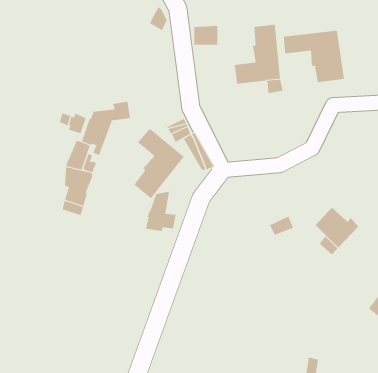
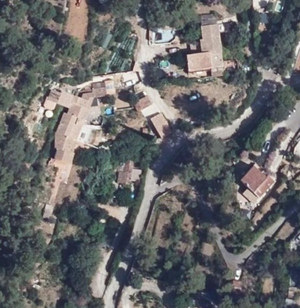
building: [283,30,344,83] -> none
building: [134,128,185,199] -> none

